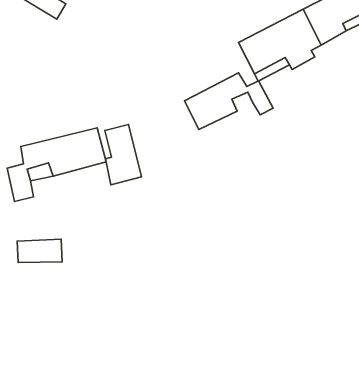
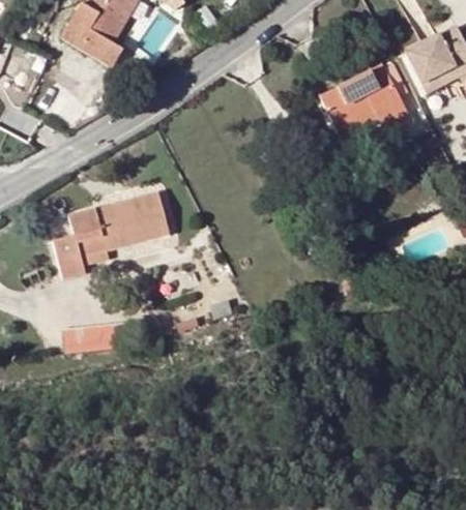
building: [184,73,273,130] -> none
building: [105,124,142,185] -> none

